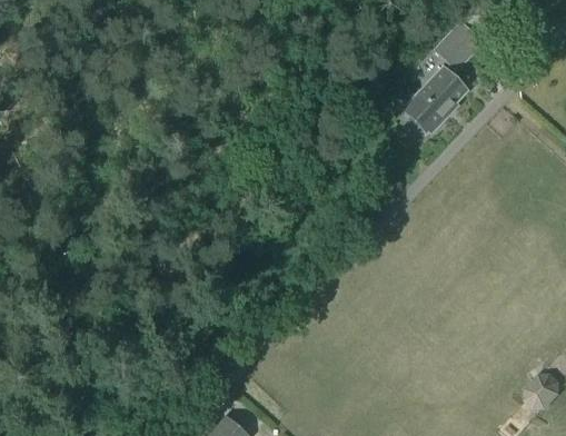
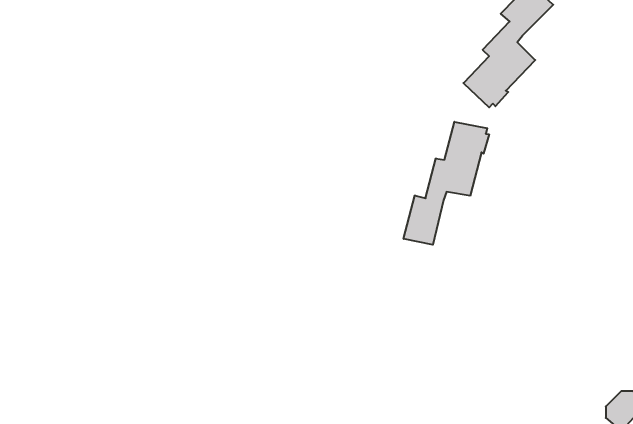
building: none -> [404,122,489,245]

